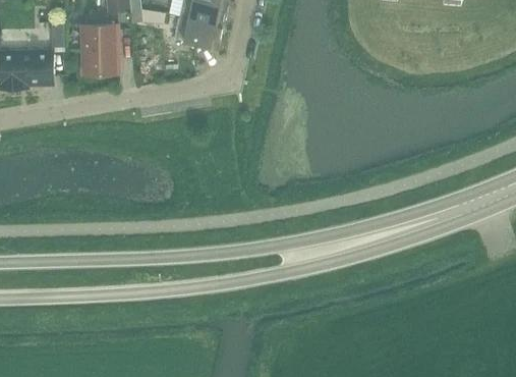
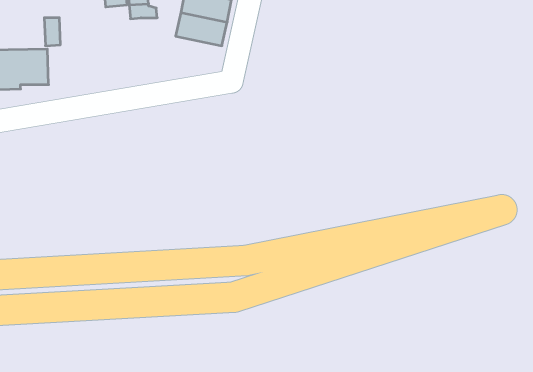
building: [80,24,118,74] -> none

